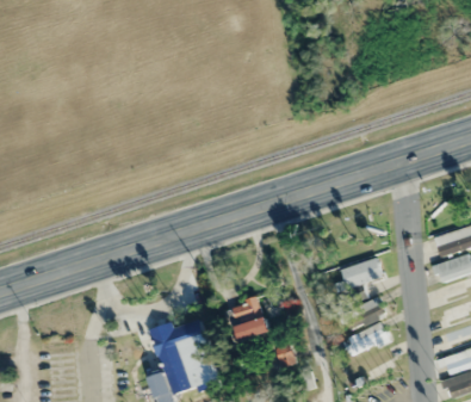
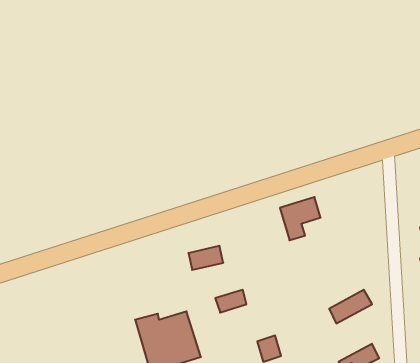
building: [342,258,383,301] -> [280,197,321,240]
building: [236,317,271,341] -> [188,246,223,270]
building: [346,322,390,357] -> none

